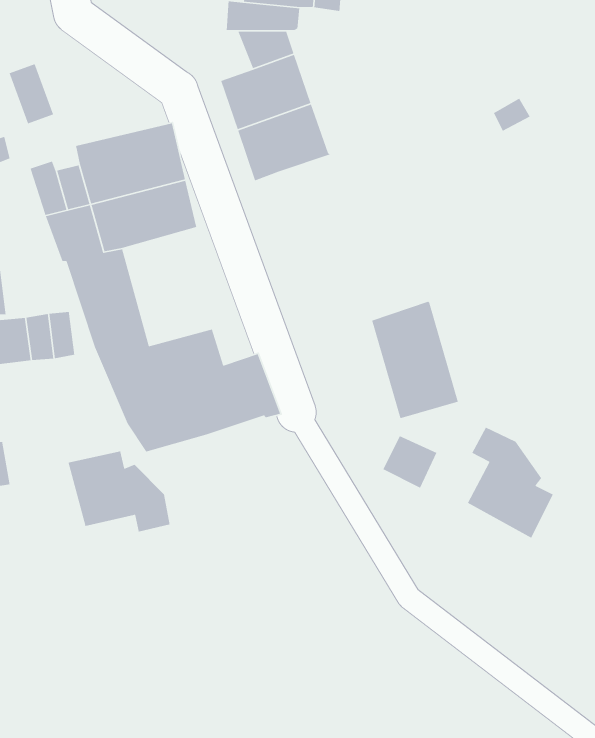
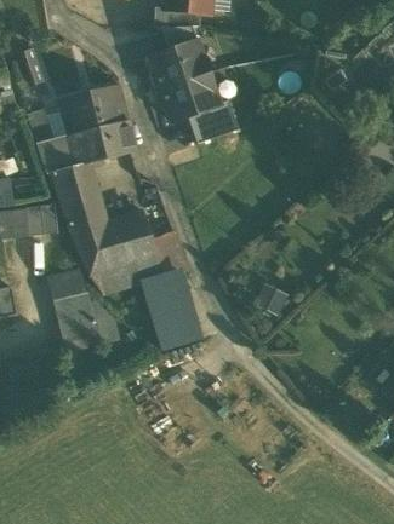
building: none -> [188,99,239,142]
building: [371,301,459,419] -> [142,270,198,345]
building: none -> [48,269,87,299]
building: [467,426,554,539] -> none

